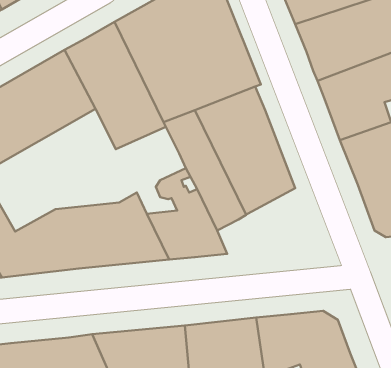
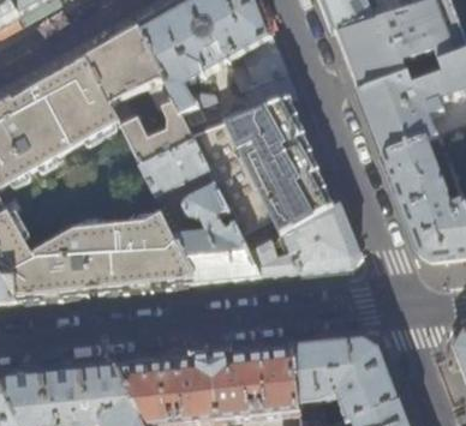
building: none -> [141,140,209,199]
building: none -> [250,204,359,277]

